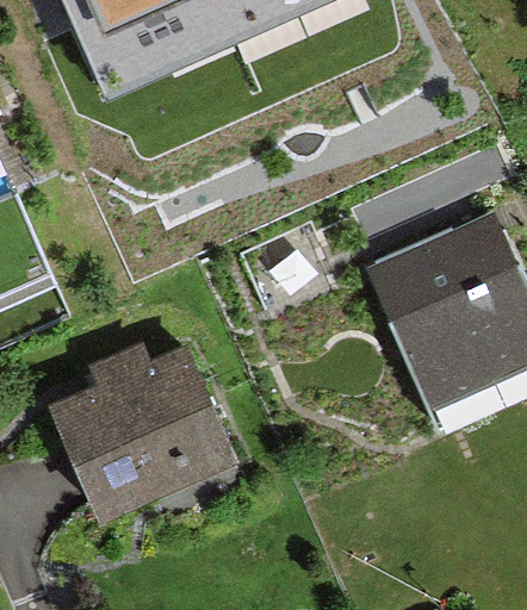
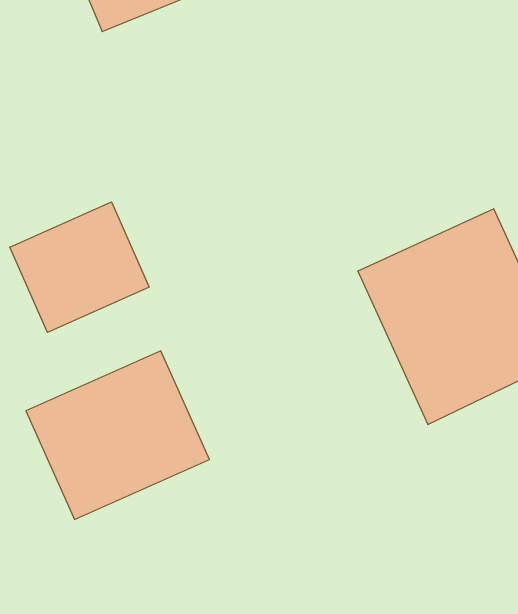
building: none -> [10,202,149,332]

